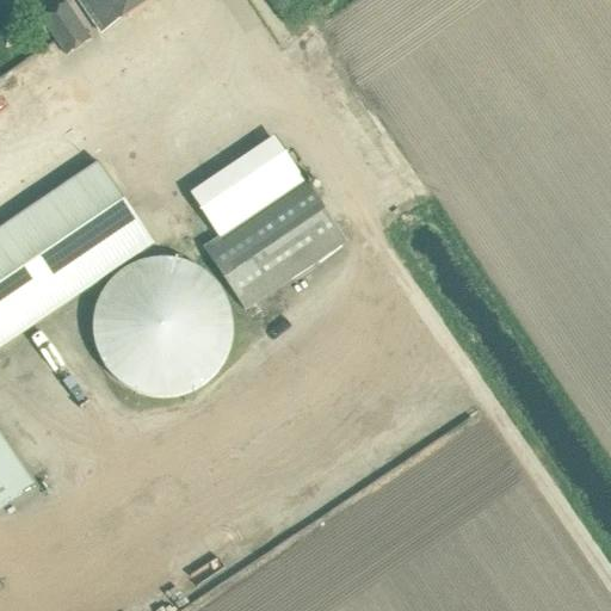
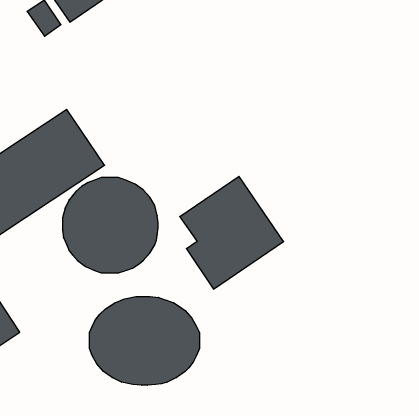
building: [197,142,347,306] -> [180,176,284,289]
building: none -> [89,297,199,385]

